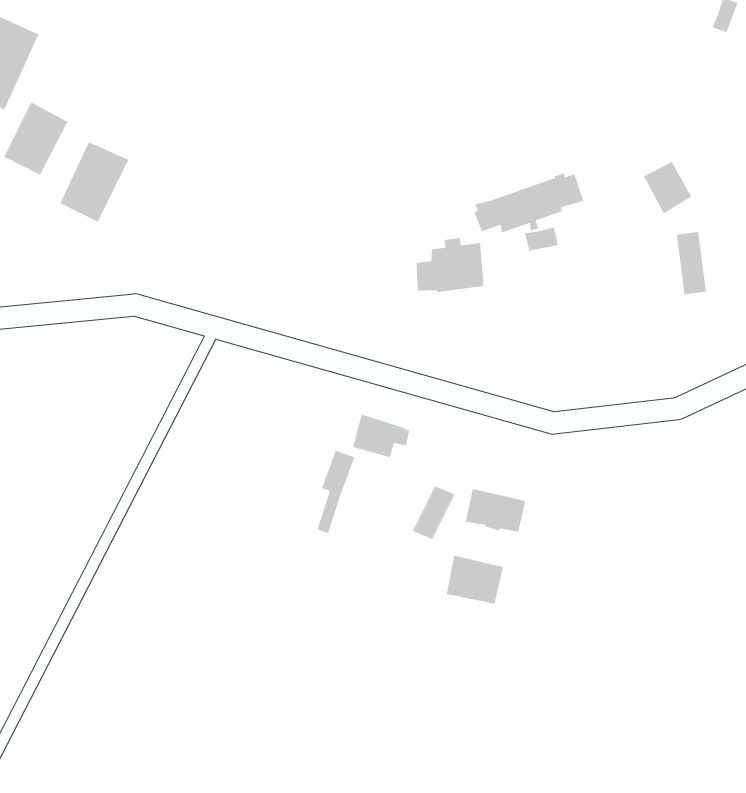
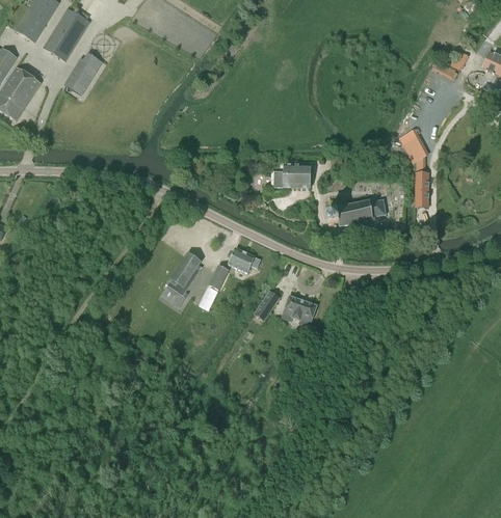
building: [59,141,129,223] -> none
building: [473,173,584,233] -> [325,198,386,227]
building: none -> [166,253,201,296]
building: [446,555,504,605] -> none

